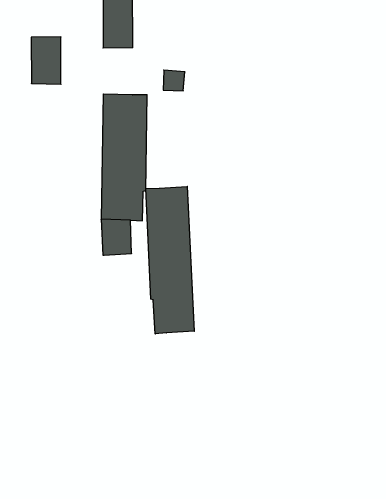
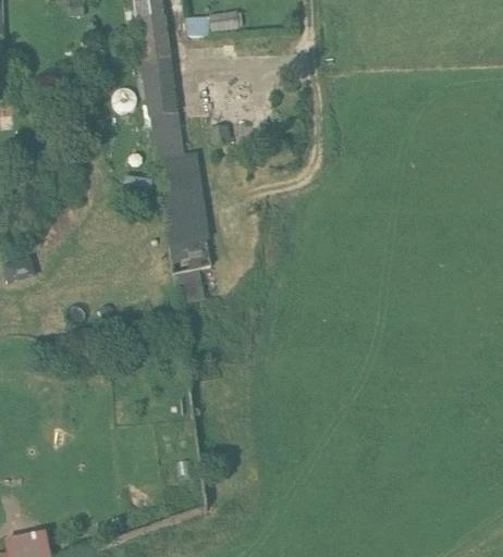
building: [31,37,61,84] -> [149,108,183,154]
building: [146,186,194,334] -> none

